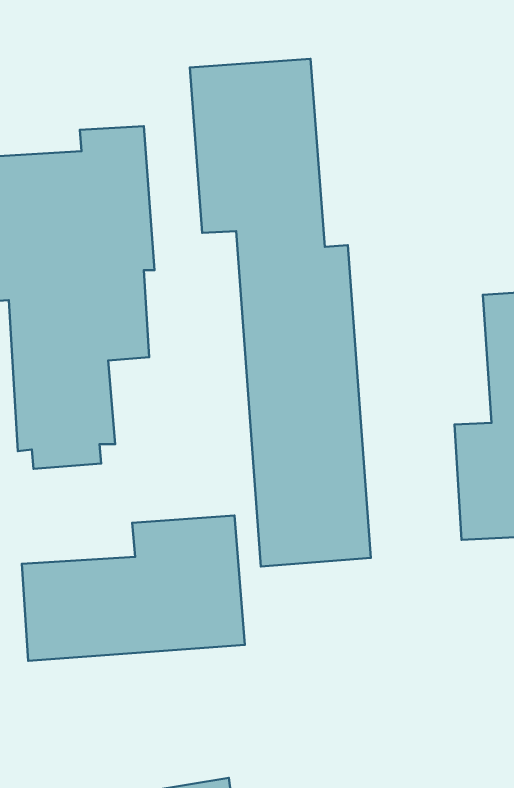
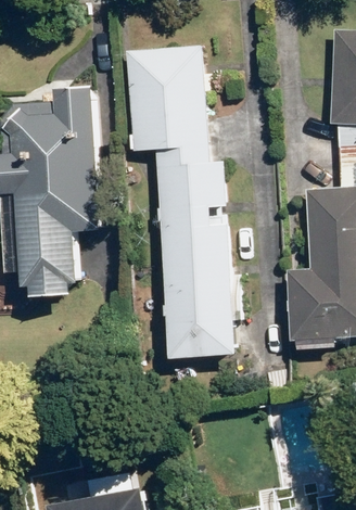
building: [22,516,245,661] -> none

